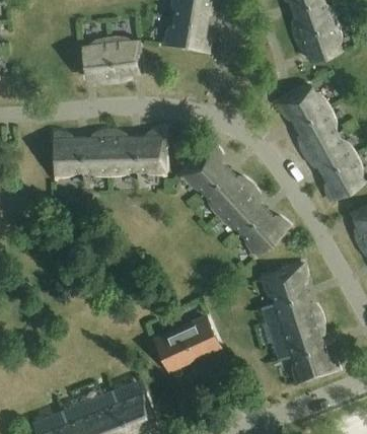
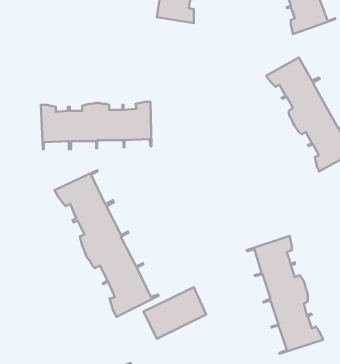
building: [82,37,142,81] -> none
building: [180,147,288,259] -> none
building: none -> [55,170,159,317]

